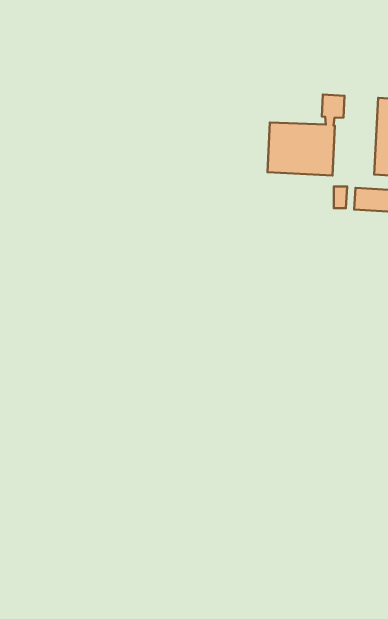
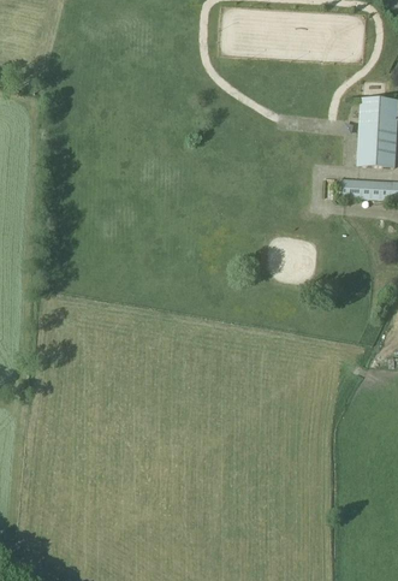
building: [267,95,344,175] -> none

